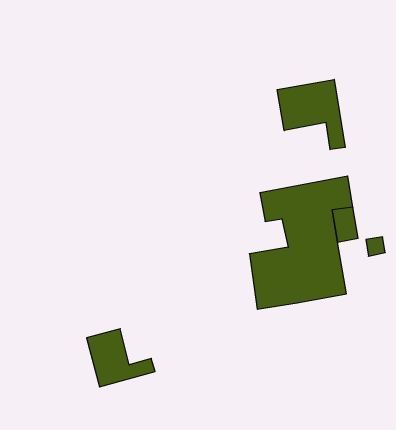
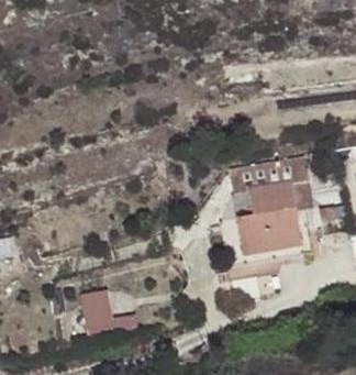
building: [277,79,345,150] -> none

